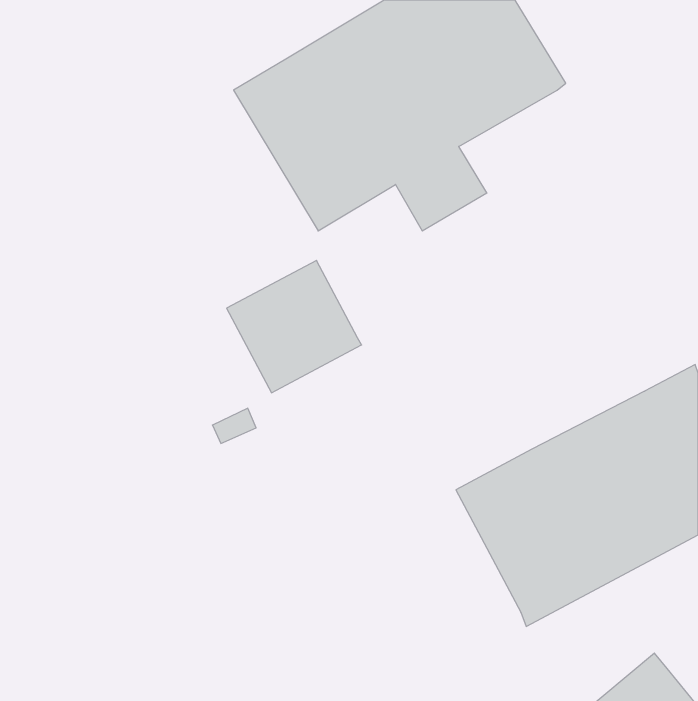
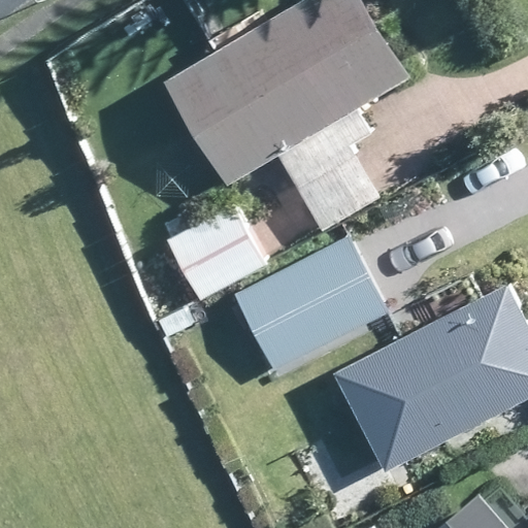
building: none -> [232,236,388,372]

